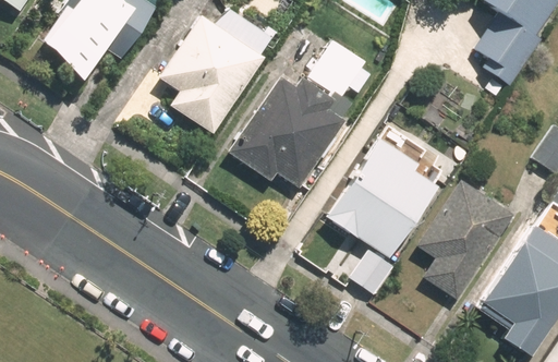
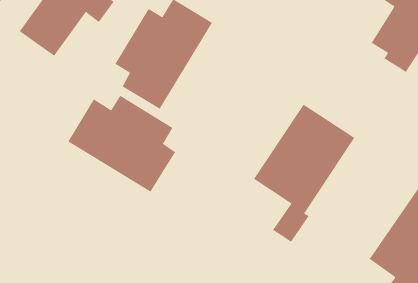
building: [231,43,365,188] -> none
building: none -> [68,95,176,193]
building: [414,178,517,301] -> none

